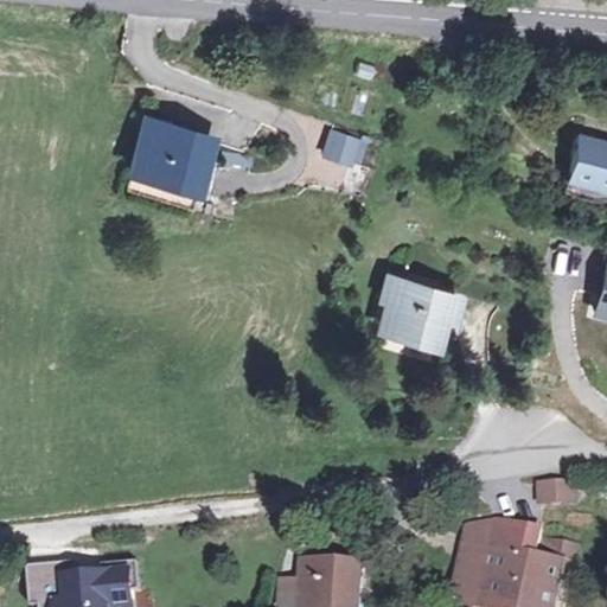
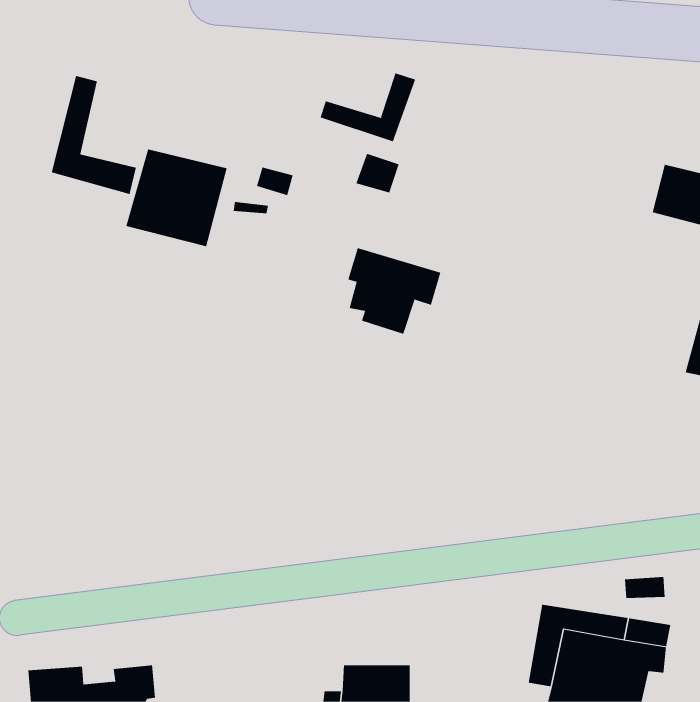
building: none -> [320,72,416,142]
building: none -> [51,75,137,195]
building: [385,275,466,350] -> [347,248,441,335]

